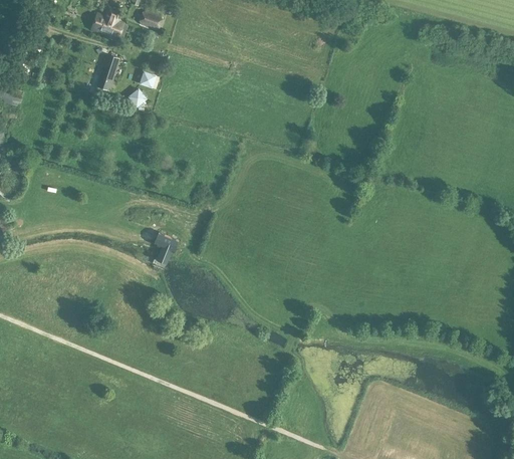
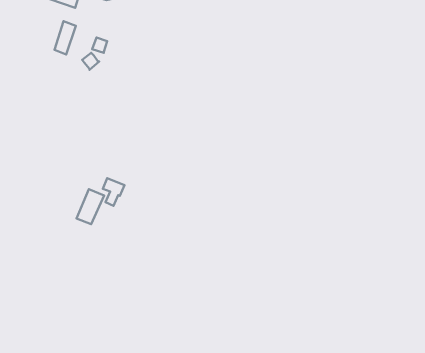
building: none -> [76,189,104,224]

